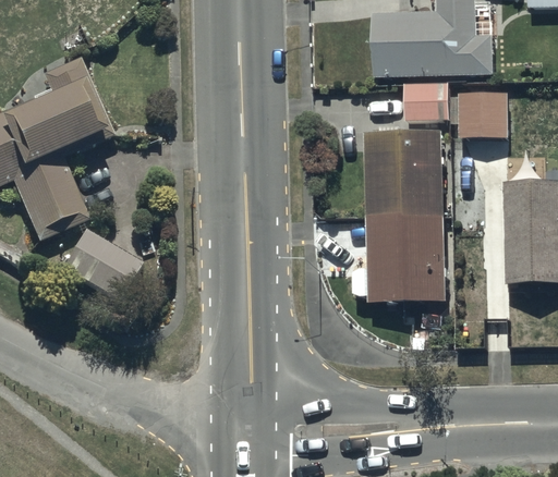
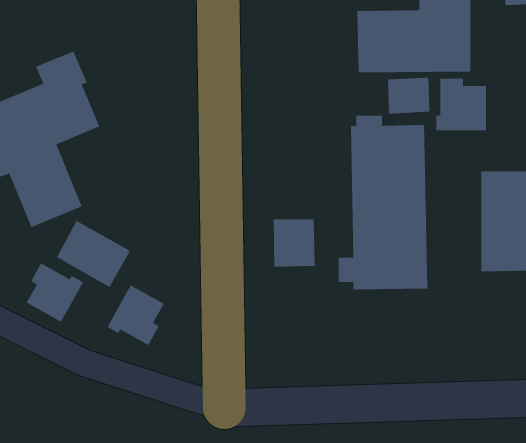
building: none -> [273,219,315,268]
building: none -> [26,263,84,323]
building: none -> [107,284,165,346]

